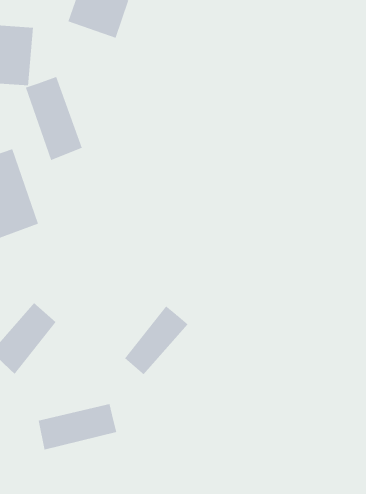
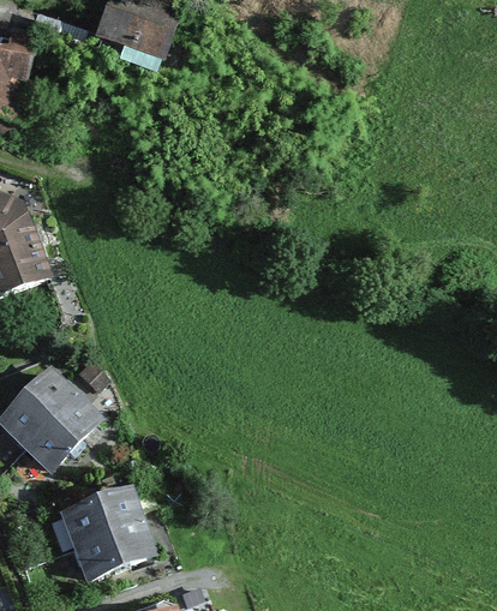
building: [25,76,83,161] -> none
building: [124,306,189,375] -> [25,393,103,477]
building: none -> [60,526,157,580]

